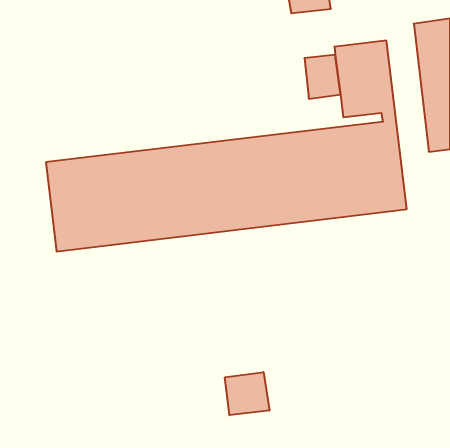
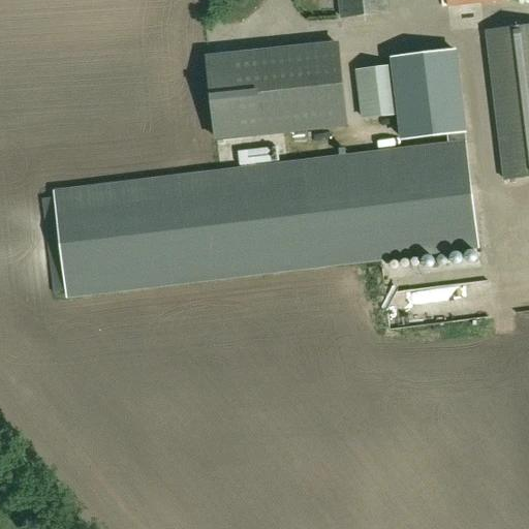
building: none -> [208,41,344,136]
building: [225,372,269,415] -> none

